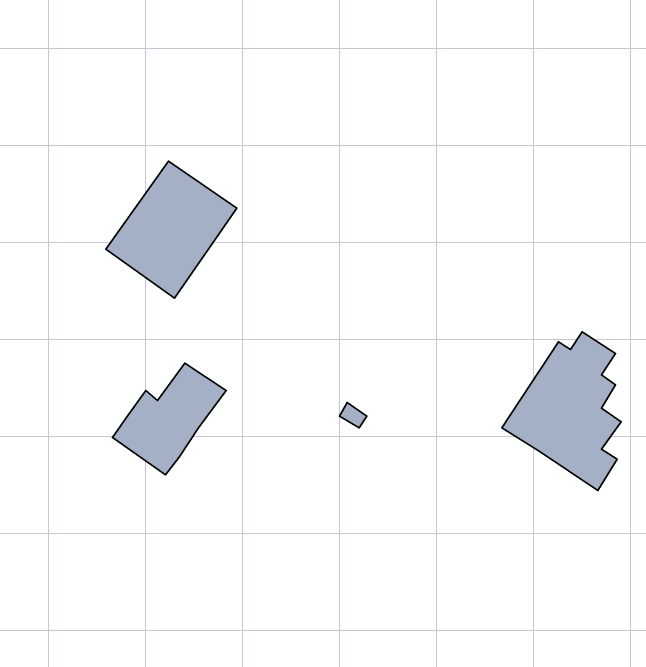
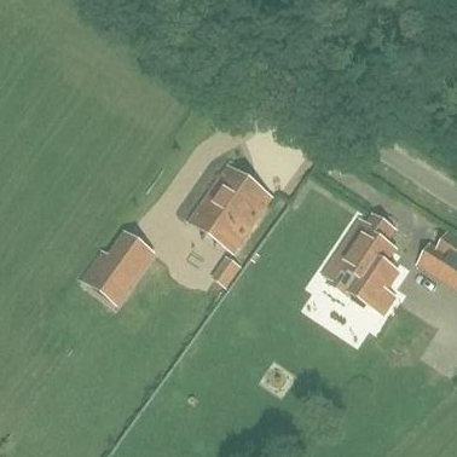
building: [106,161,237,298] -> [191,166,272,250]

